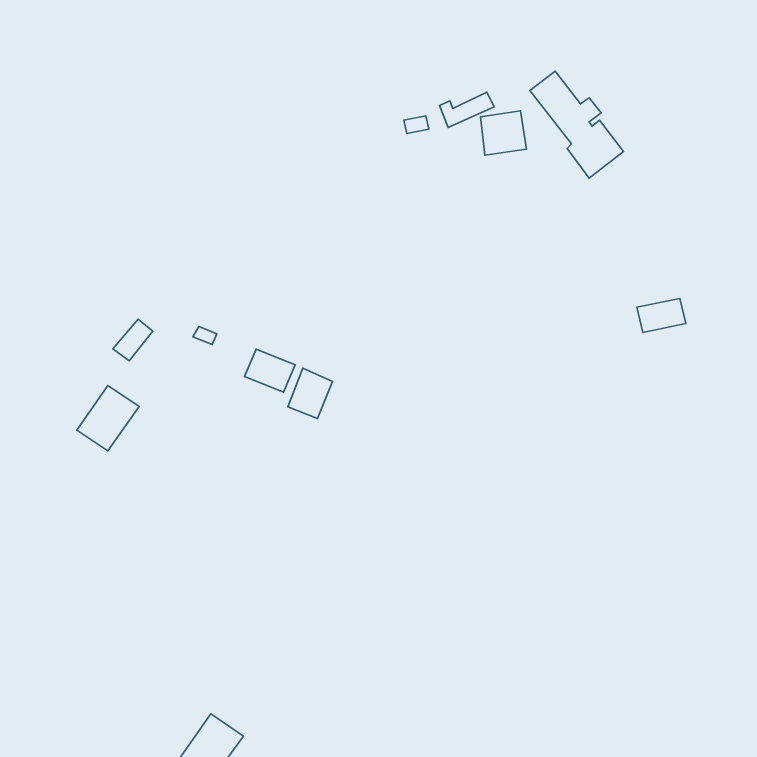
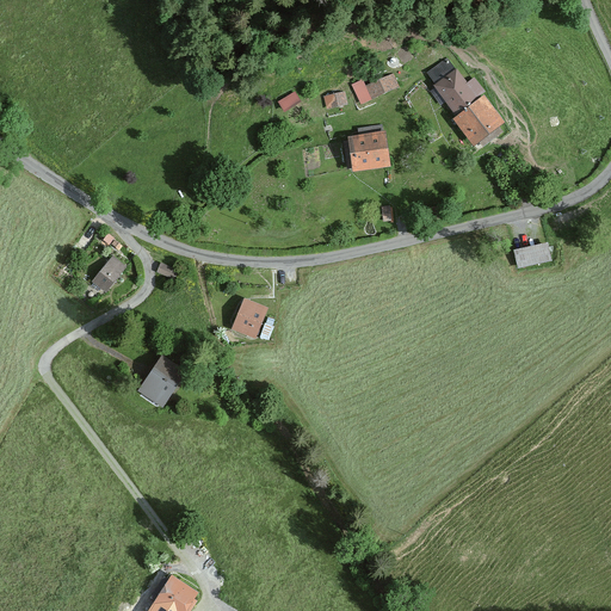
building: [481,111,527,155] -> [350,134,387,169]
building: [244,349,295,392] -> none
building: [77,386,139,451] -> [136,354,186,407]

